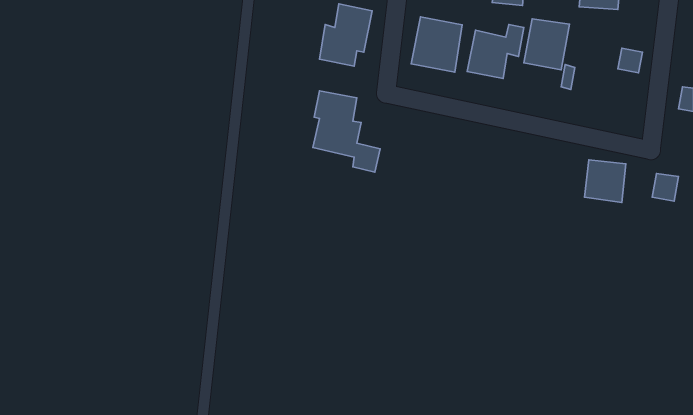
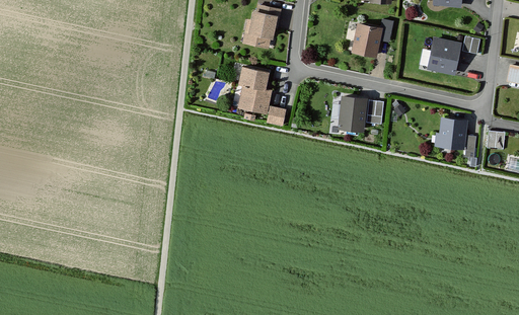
building: [411,17,462,72] -> none
building: [524,19,569,70] -> [427,37,460,75]
building: none -> [338,96,382,132]

